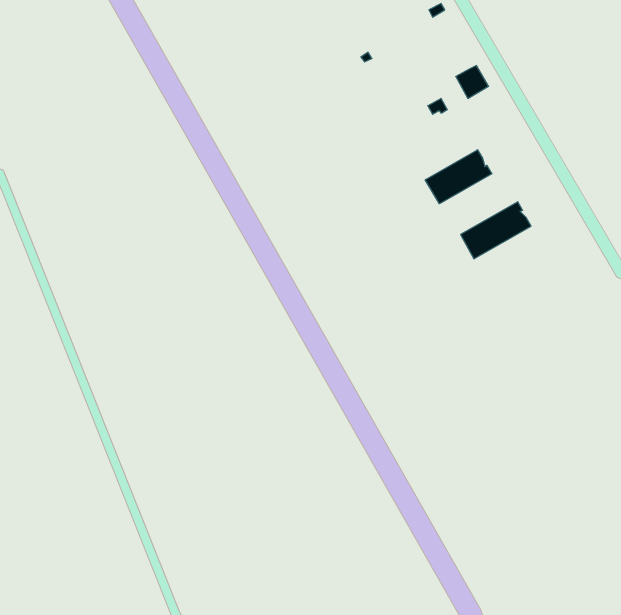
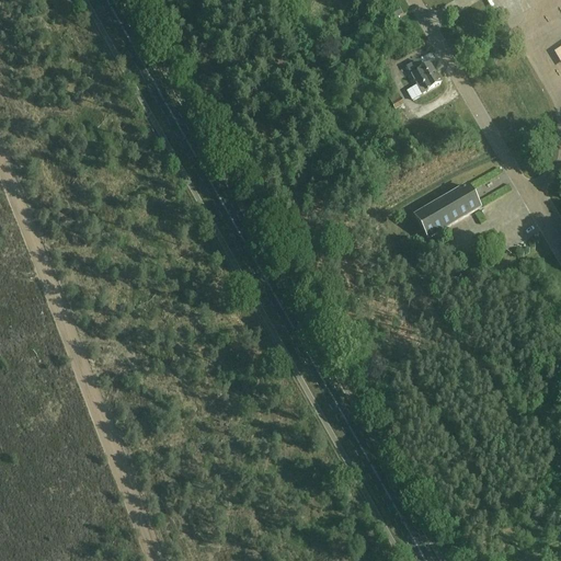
building: [425,150,492,204] -> none

